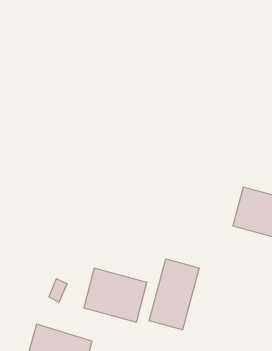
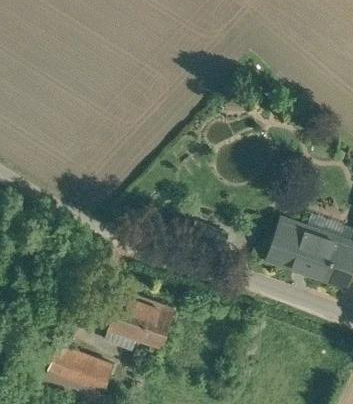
building: [149,259,199,330] -> none

